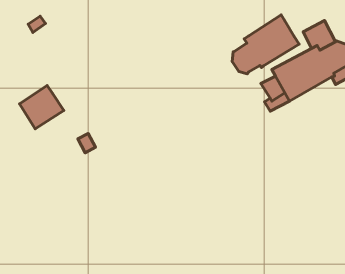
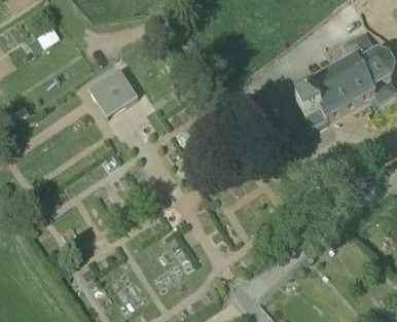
building: [232,15,299,74] -> none
building: [19,86,64,129] -> [89,67,139,115]

